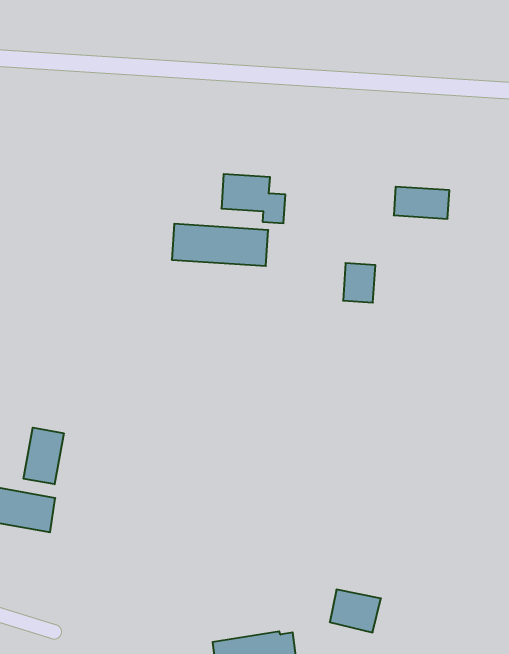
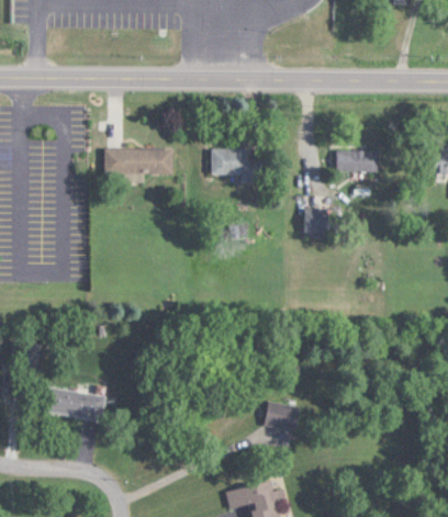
building: [172,224,268,266] -> [103,148,172,175]
building: [24,428,64,484] -> none
building: [330,590,381,632] -> [264,402,300,431]

